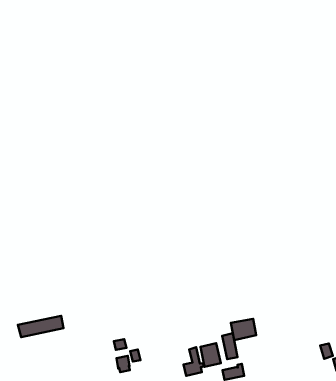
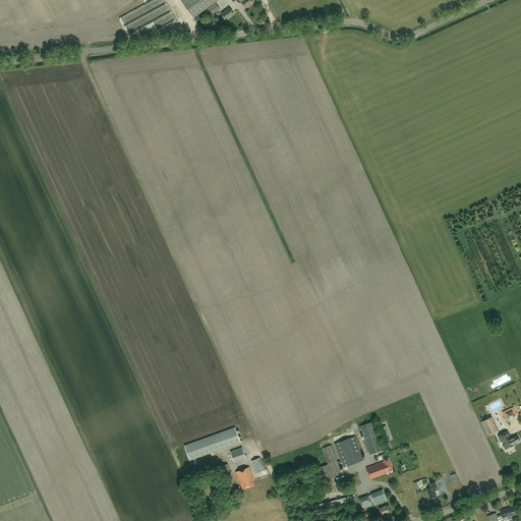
building: [18,316,64,337] -> [183,427,239,460]
building: [231,319,256,340] -> none

